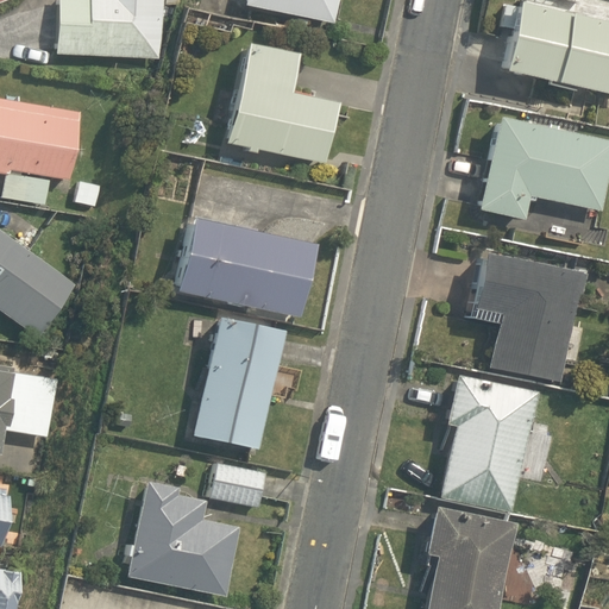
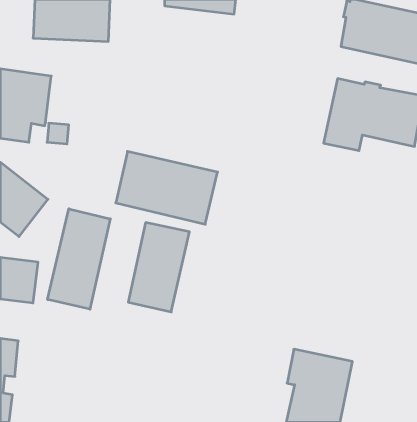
building: [228,43,341,163] -> none
building: [466,249,584,379] -> none
building: none -> [48,209,110,309]
building: [438,371,538,510] -> none
building: [124,459,268,599] -> none

